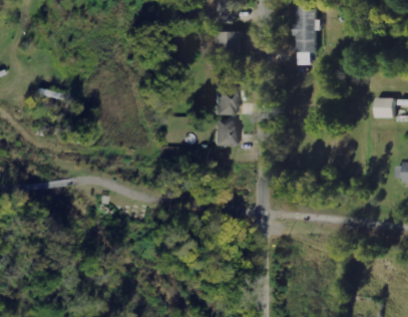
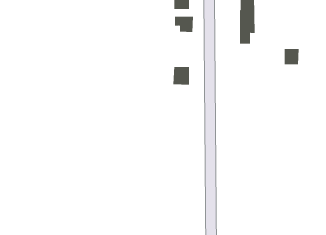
building: [376,97,395,117] -> [284,48,300,65]
building: [215,120,236,146] -> none

